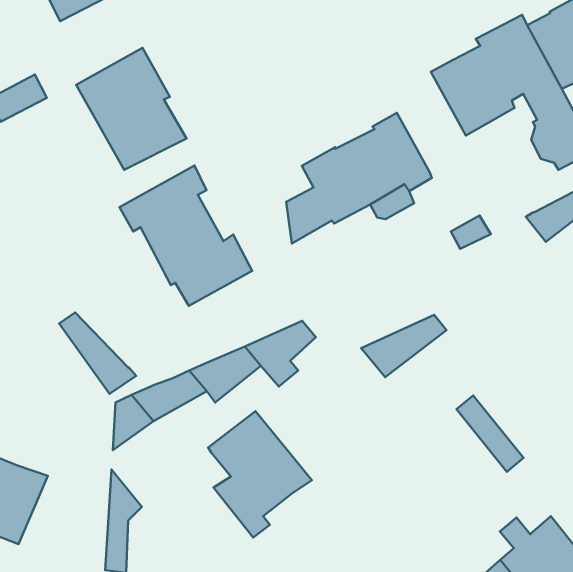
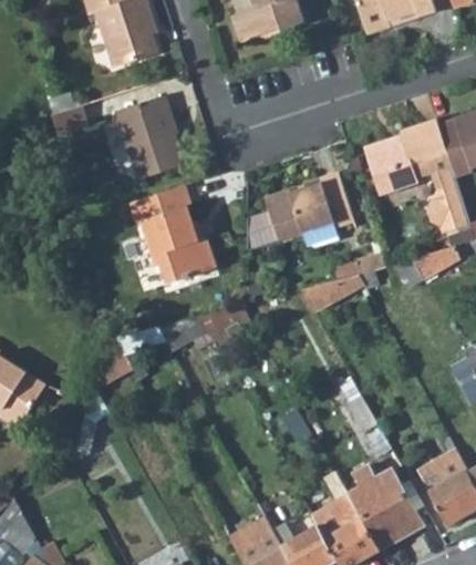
building: [59,313,136,394] -> none
building: [361,315,446,377] -> [303,275,365,312]
building: [208,411,312,537] -> none

